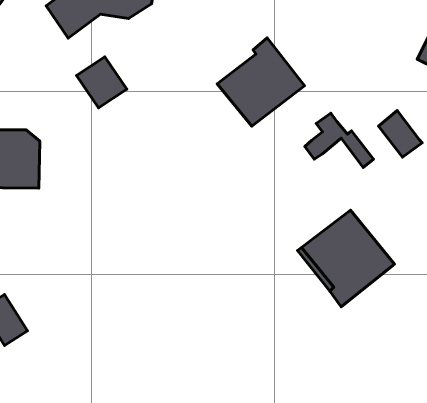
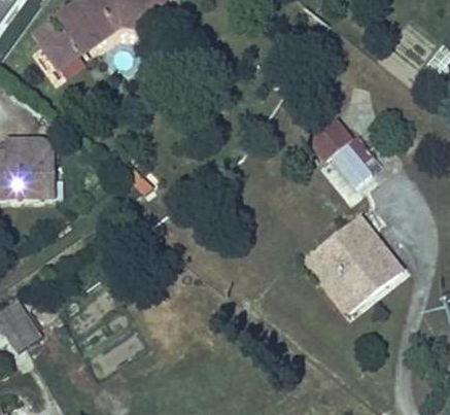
building: [217,38,304,126] -> none
building: [77,57,127,108] -> [31,15,80,66]
building: [379,110,422,157] -> [332,146,375,193]

